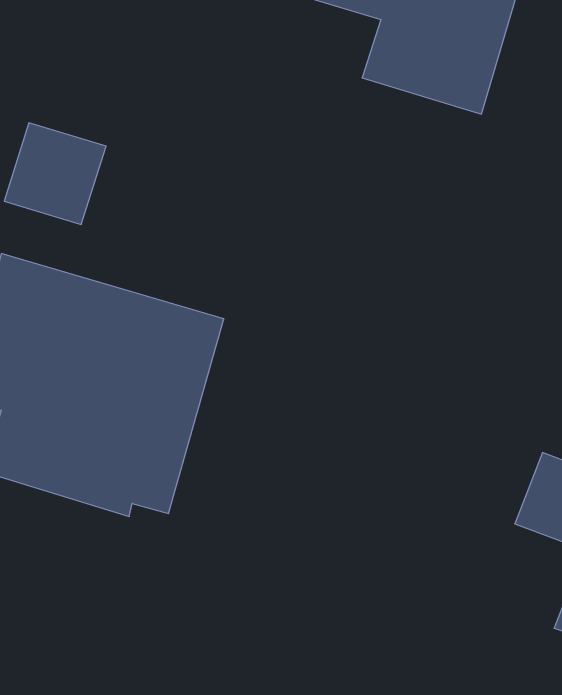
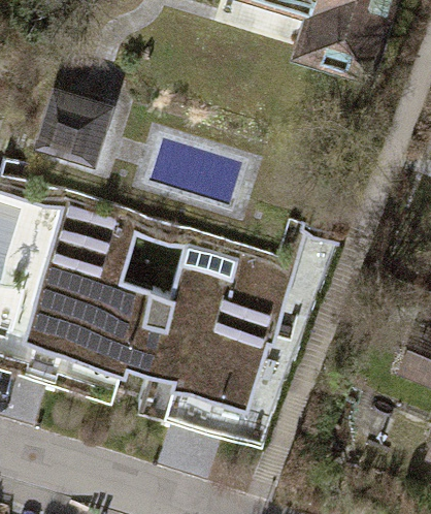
building: none -> [150,236,291,411]

